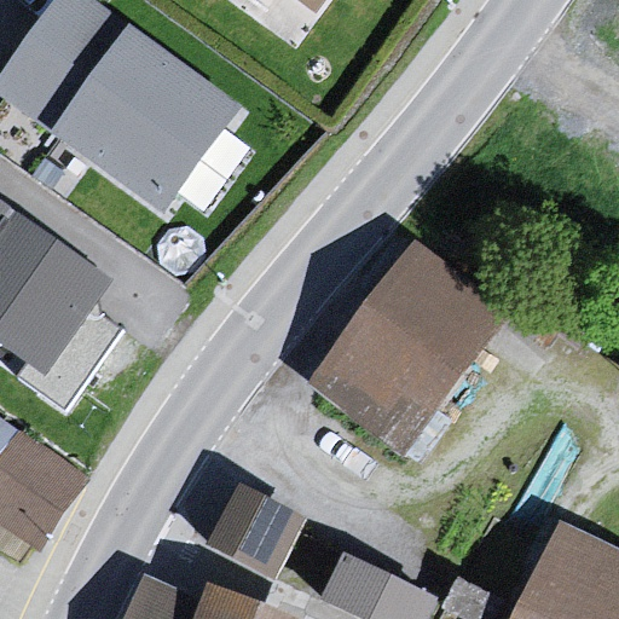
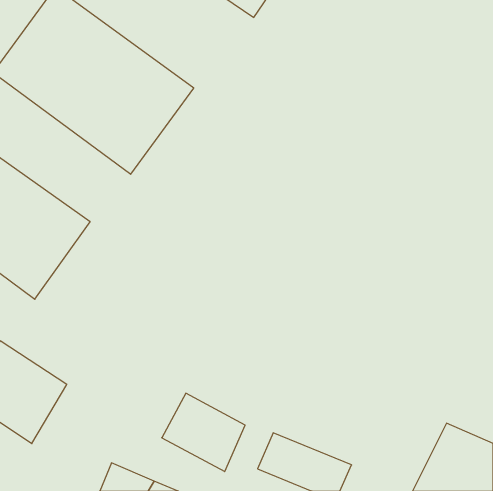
building: [308,247,511,457] -> none

